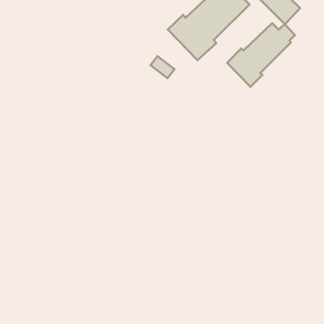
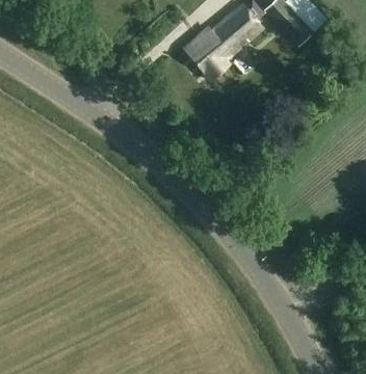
building: [227,23,295,87] -> none

